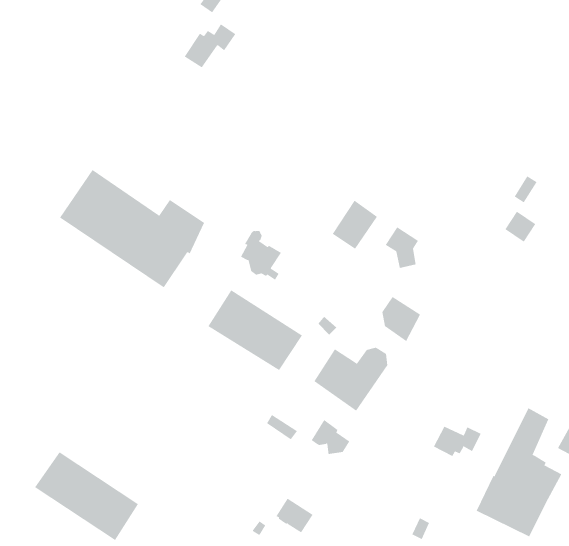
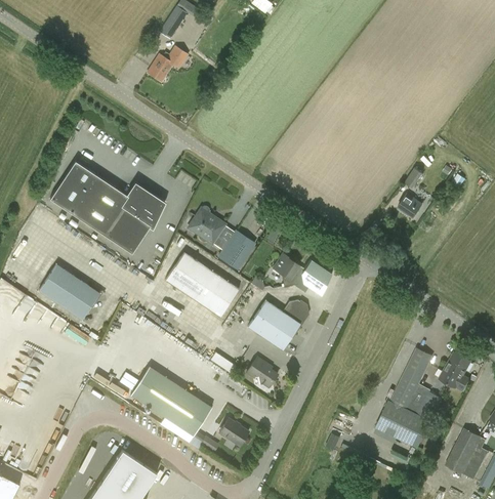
building: [332,200,378,250] -> [218,230,254,268]
building: [385,227,419,268] -> [273,253,299,286]
building: none -> [39,263,100,319]
building: [433,426,482,457] -> none
building: [34,452,139,541] -> [129,365,211,434]

